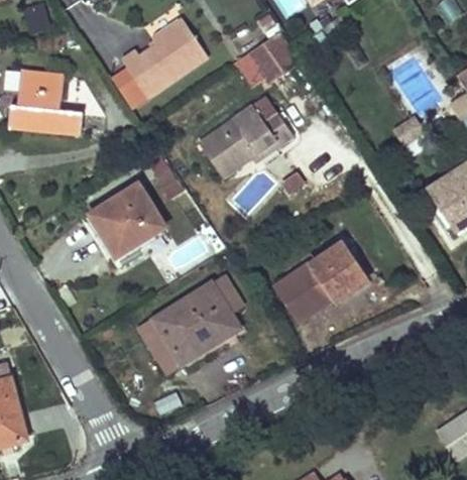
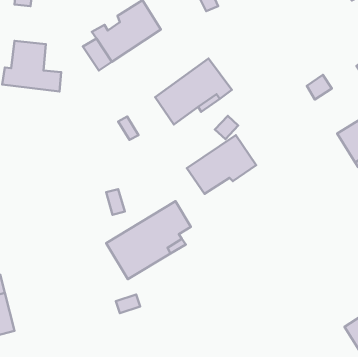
building: [233,31,298,86] -> none
building: [89,184,163,256] -> none
building: [279,243,366,317] -> [187,135,256,194]

